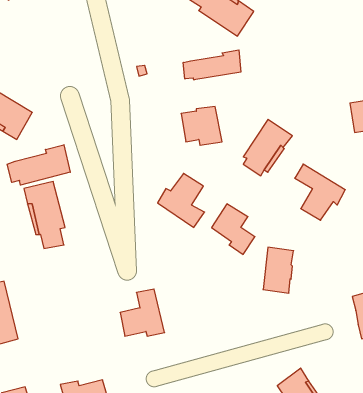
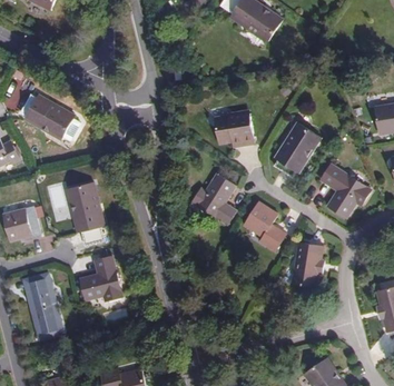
building: [183,50,241,80] -> none
building: [7,145,70,185] -> none
building: [120,289,165,336] -> [79,256,121,300]

